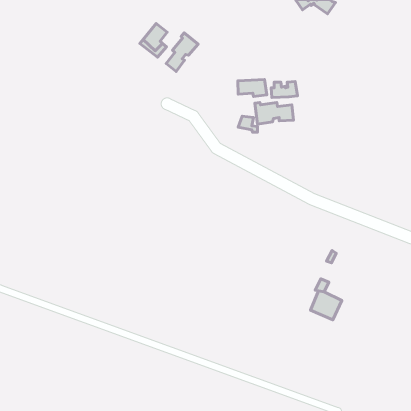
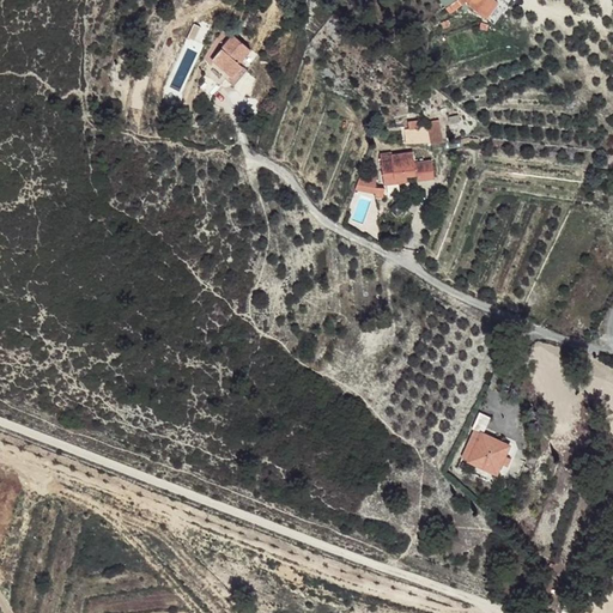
building: [166,33,198,71] -> none
building: [238,80,267,96] -> none

